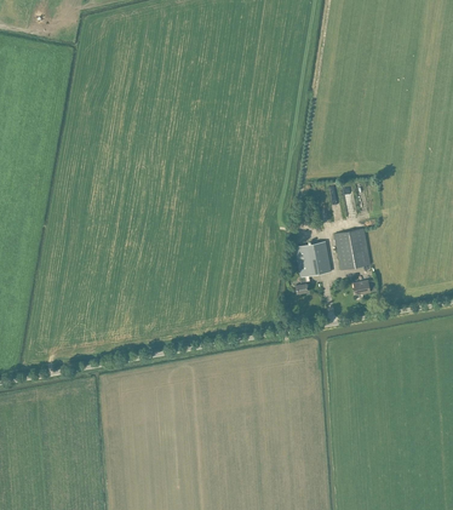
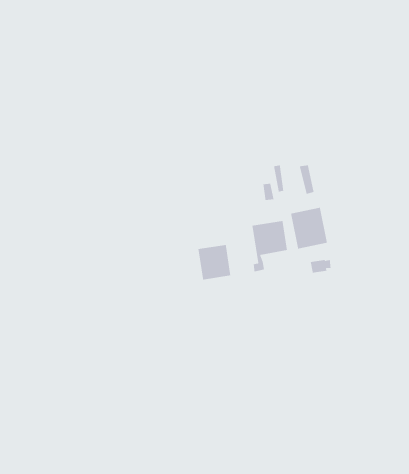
building: none -> [198,244,231,280]

